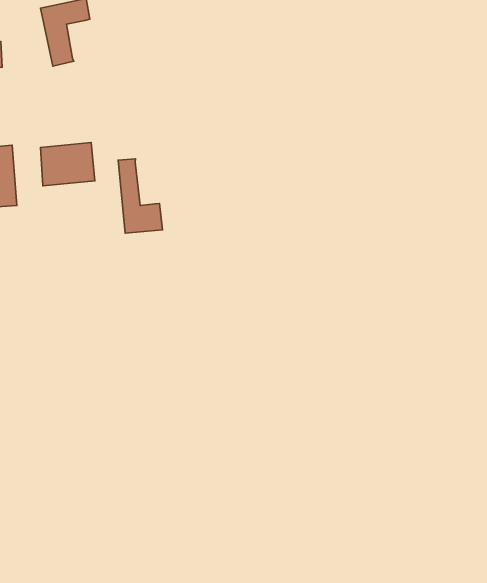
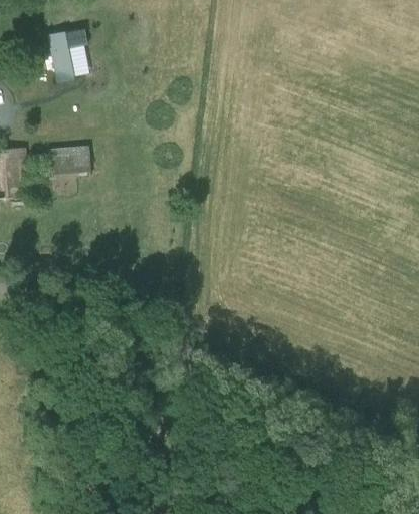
building: [118,159,162,233] -> none

